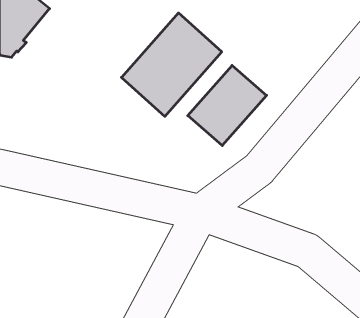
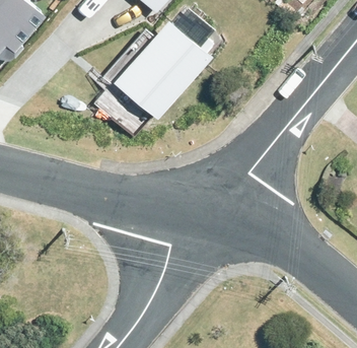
building: [188,65,267,146] -> none

